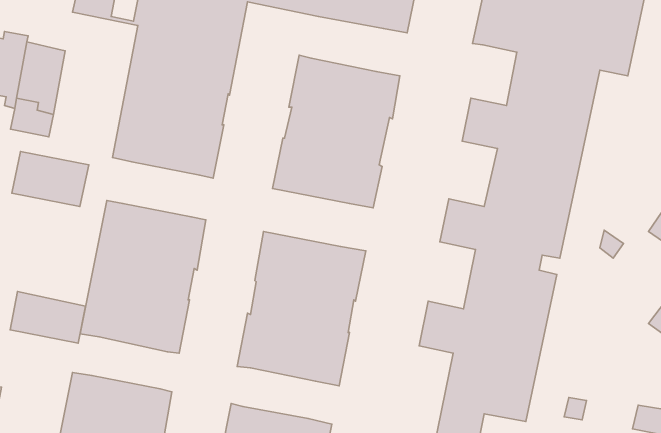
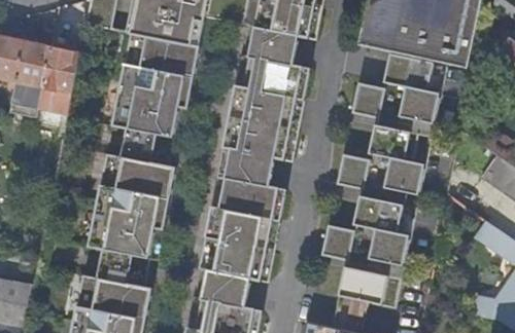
building: none -> [247,28,298,66]
building: [12,152,89,206] -> [116,128,170,166]
building: none -> [214,147,274,187]
building: [10,291,86,343] -> [95,250,147,286]
building: none -> [200,271,250,306]

